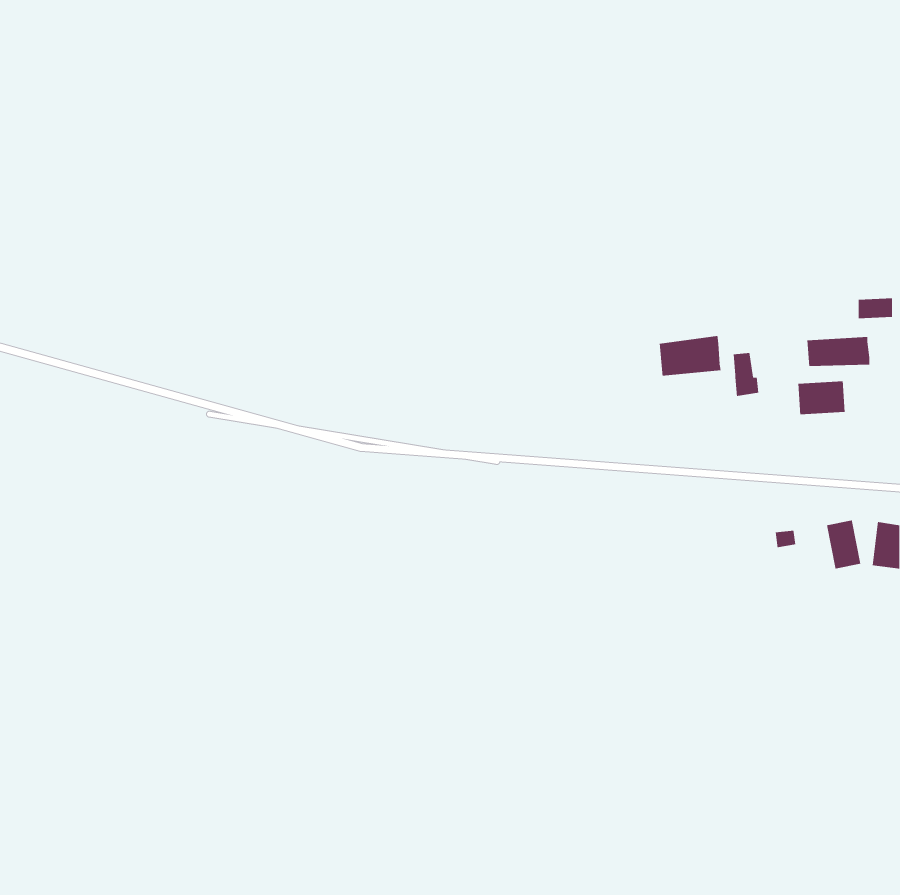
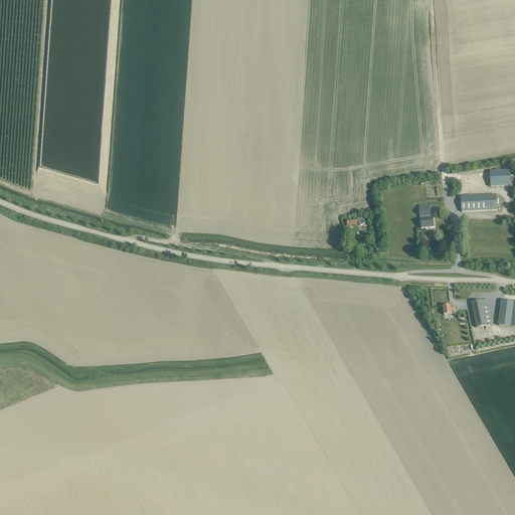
building: [659,335,721,377] -> none
building: [798,380,845,415] -> none

